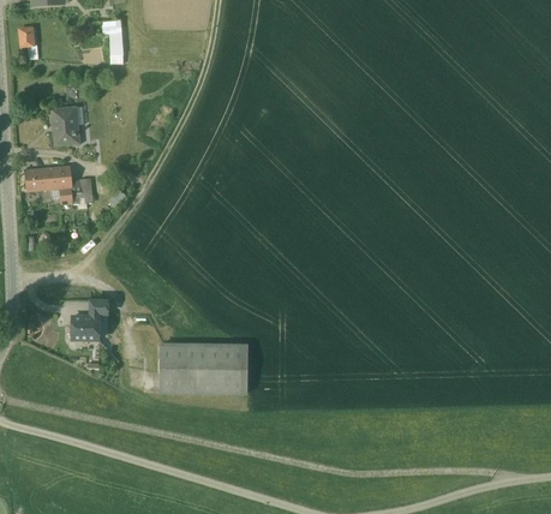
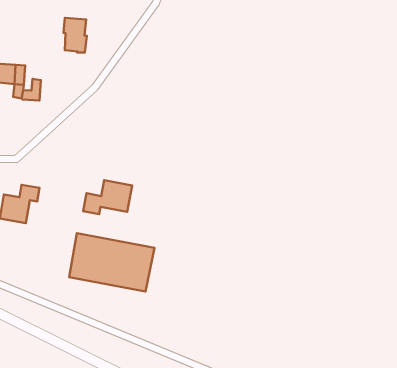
building: [52,107,80,145] -> [63,18,87,53]
building: none -> [83,180,132,214]

